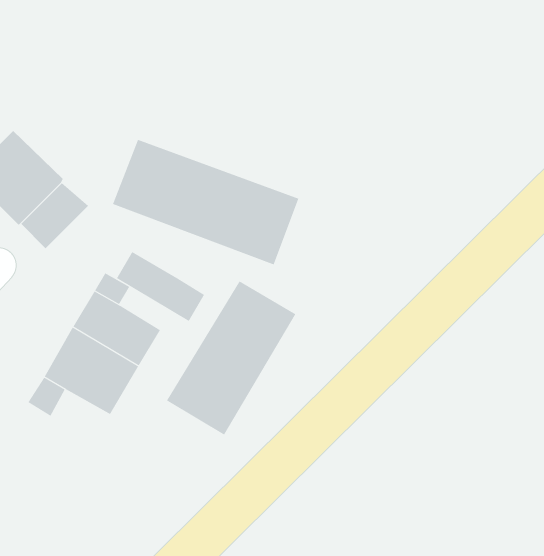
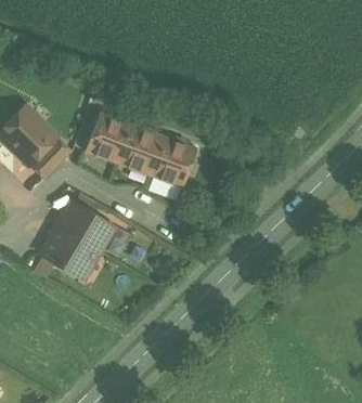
building: [116,251,205,322] -> none
building: [166,281,296,435] -> none

